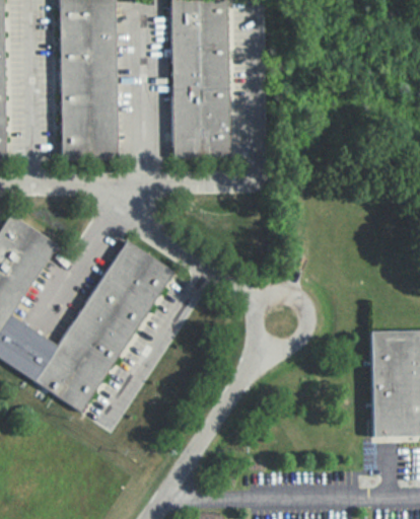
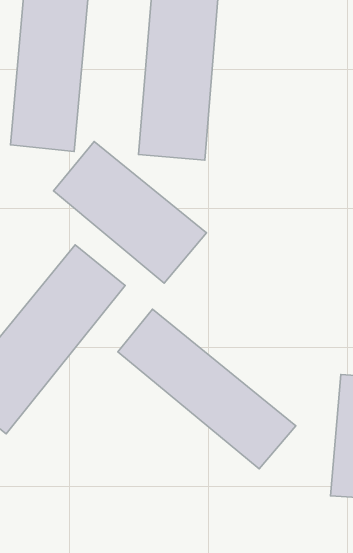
building: none -> [54,141,206,283]
building: none -> [118,309,296,469]

